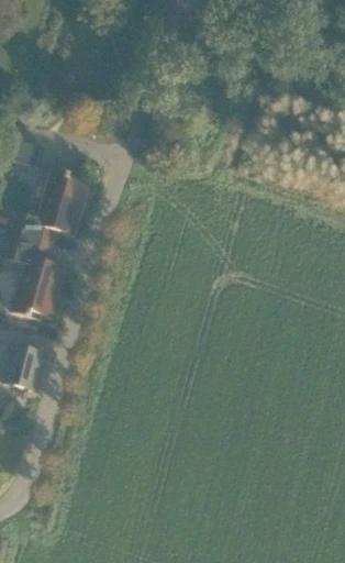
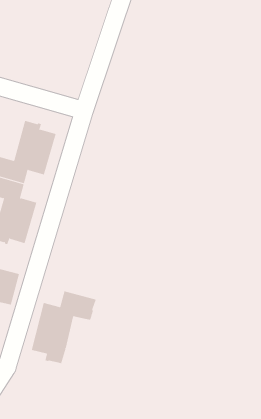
building: none -> [31,291,96,364]

